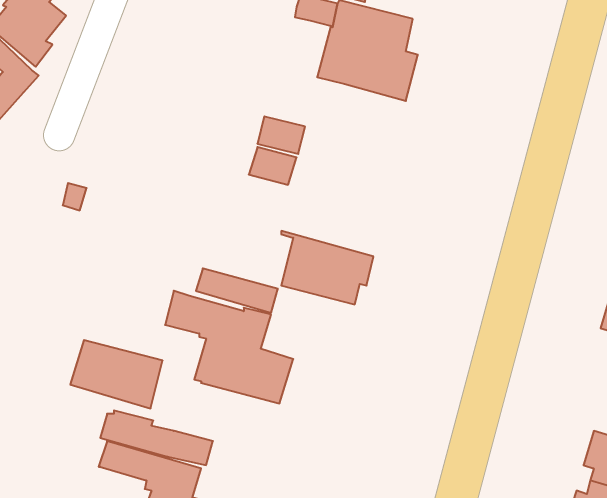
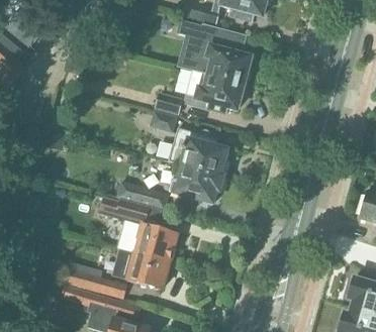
building: none -> [184,69,243,113]
building: none -> [169,128,227,175]
building: [70,340,163,408] -> [113,249,168,290]

